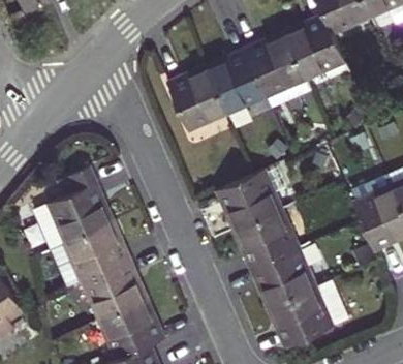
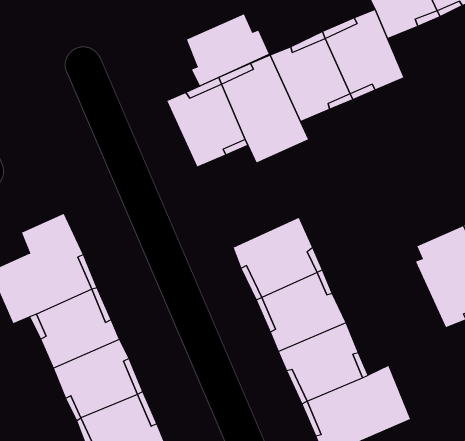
building: none -> [186,13,270,86]

